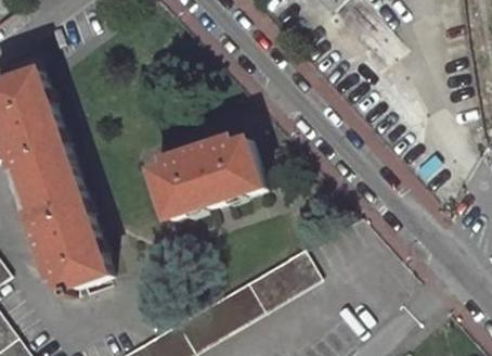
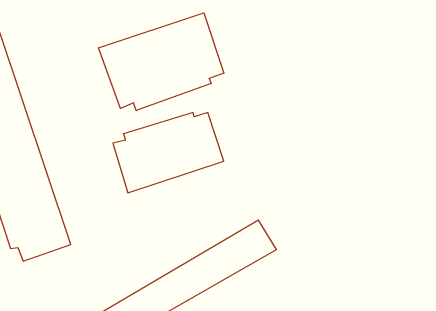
building: none -> [99,13,224,111]

